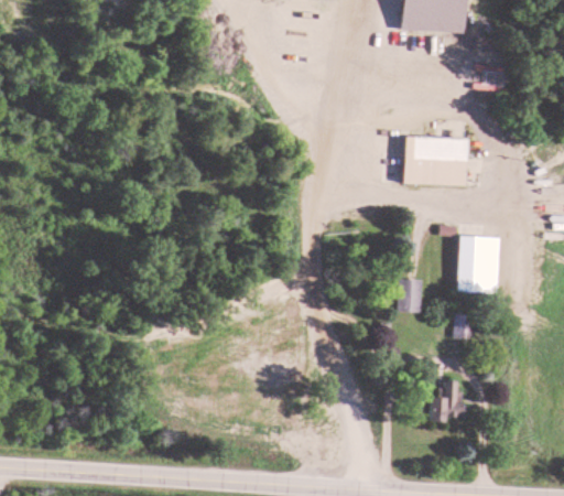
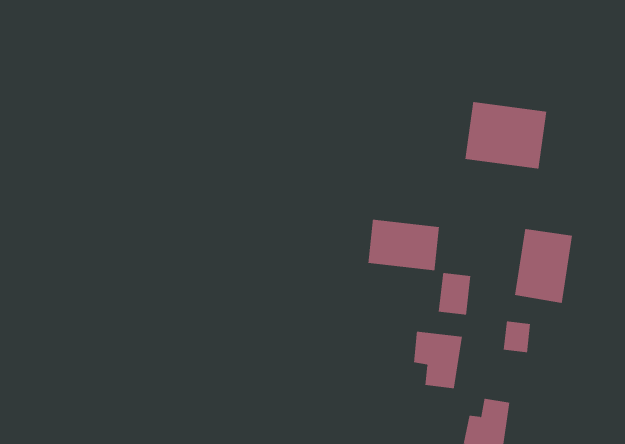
building: none -> [368,219,440,271]
building: none -> [414,331,462,389]

